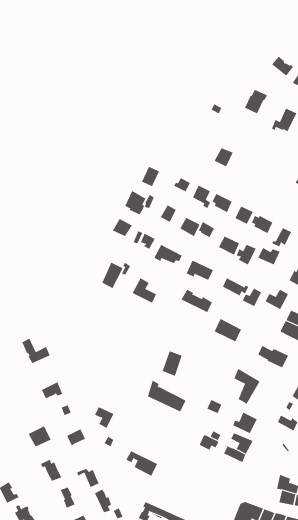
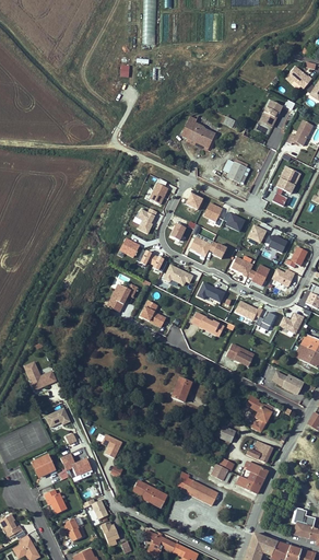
building: none -> [184,116,215,148]
building: none -> [272,166,300,207]
building: [147,380,187,412] -> [176,470,217,504]

